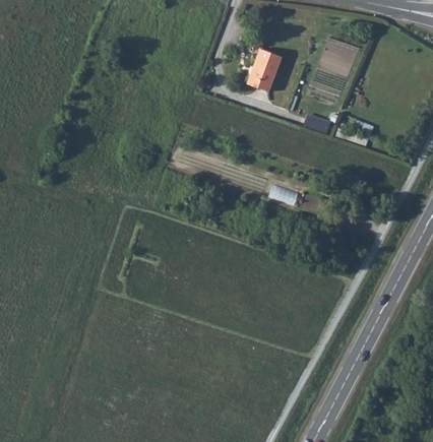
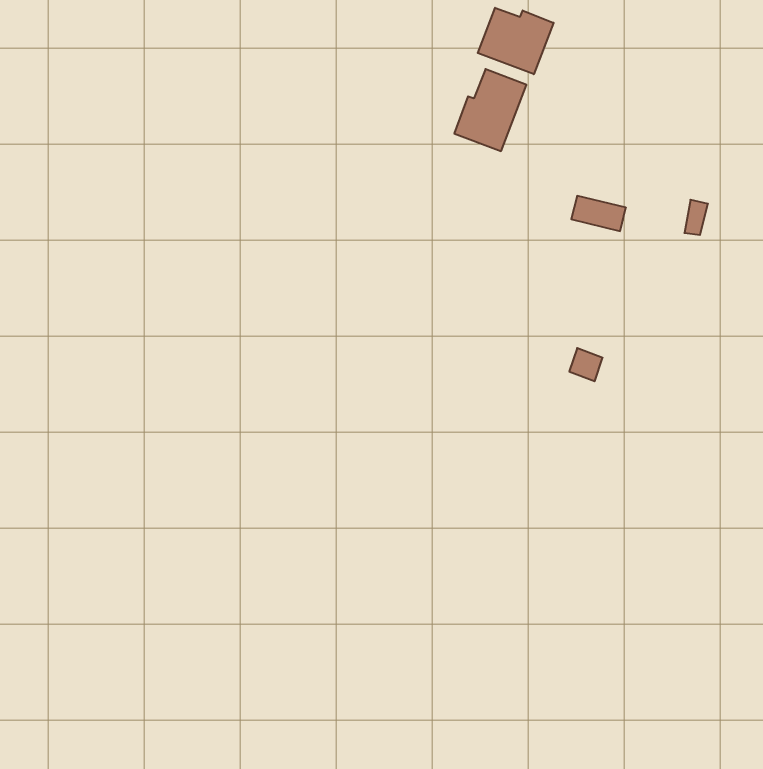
building: none -> [478,8,554,74]

